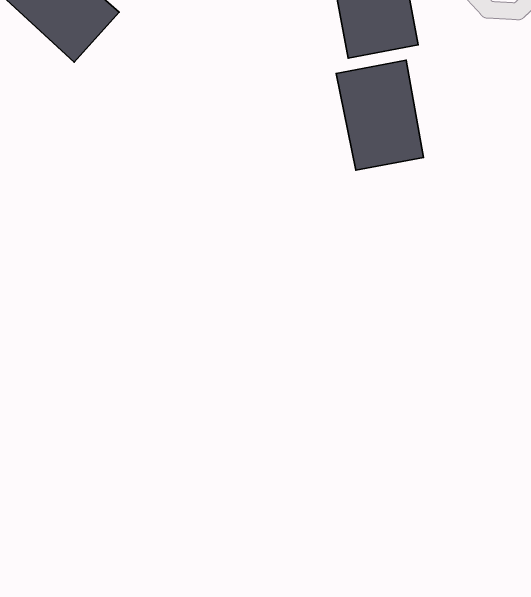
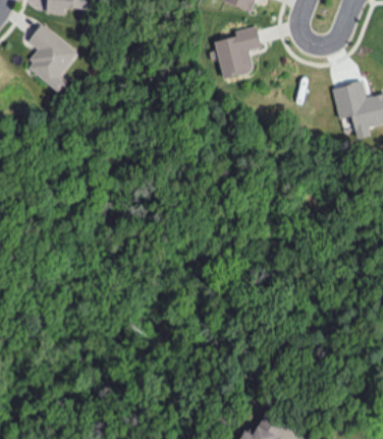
building: [336,60,423,170] -> none

